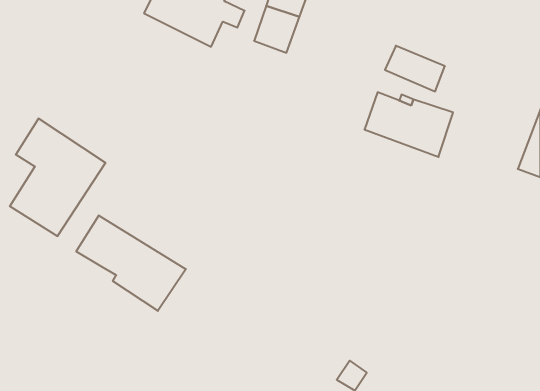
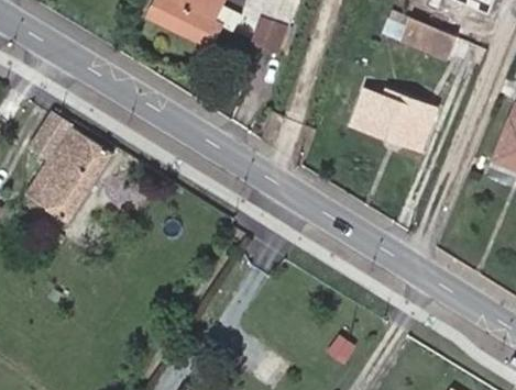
building: [385,46,445,91] -> [399,18,454,59]
building: [76,215,186,311] -> none

